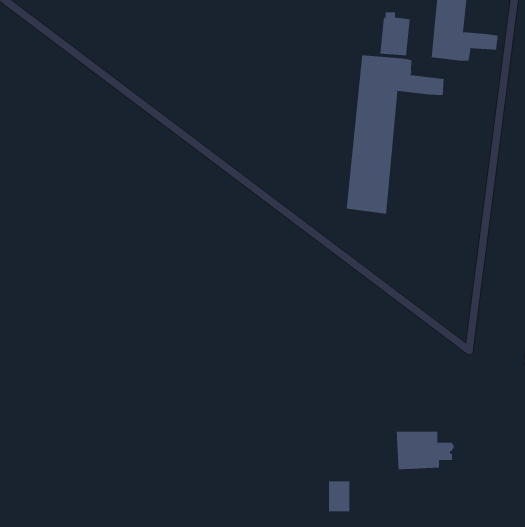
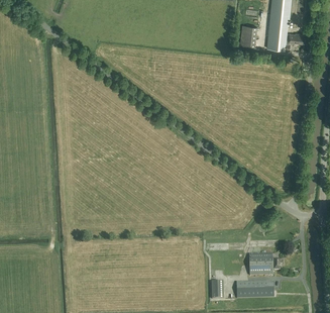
building: [346,55,444,215] -> none
building: none -> [236,282,273,299]

